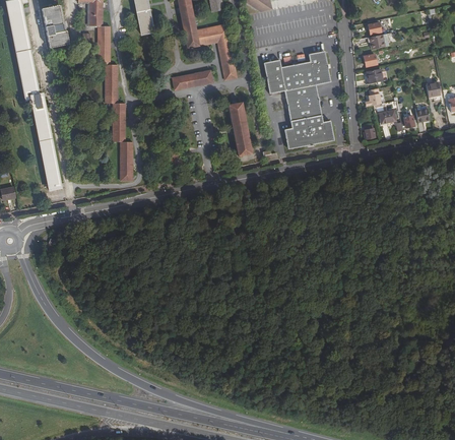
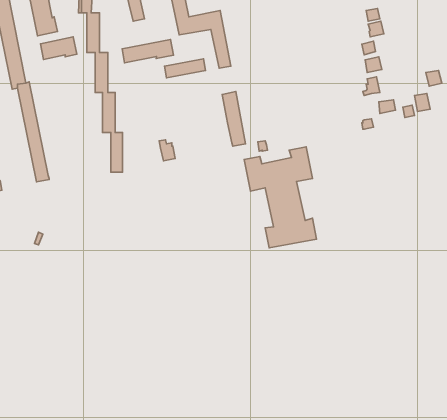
building: none -> [41,37,77,60]
building: [263,50,333,147] -> [244,147,317,248]
building: none -> [122,39,173,63]

